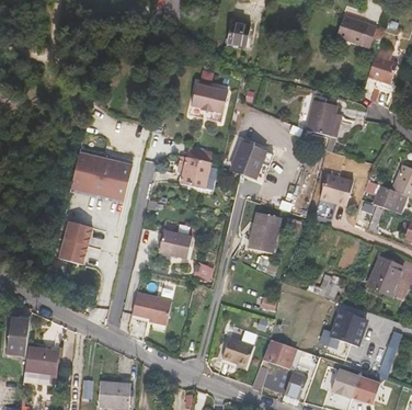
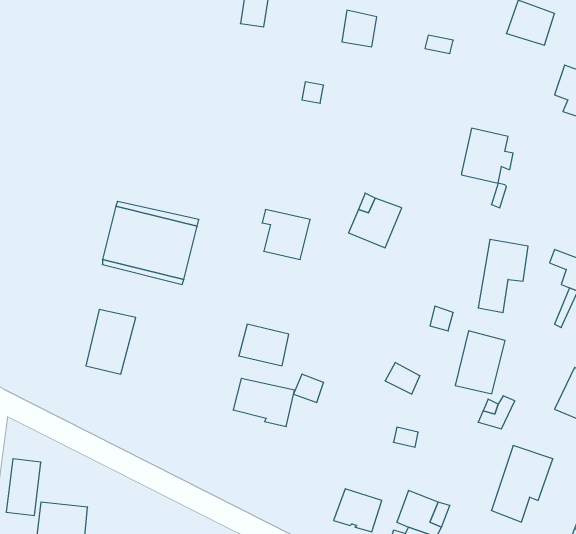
building: [191,84,228,114] -> none
building: [248,212,281,253] -> [455,331,505,394]
building: [129,299,170,331] -> [233,378,295,427]

